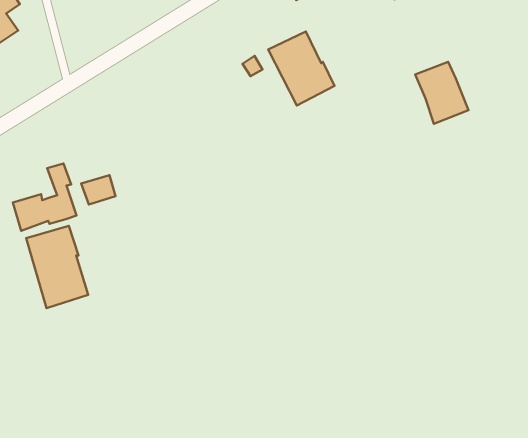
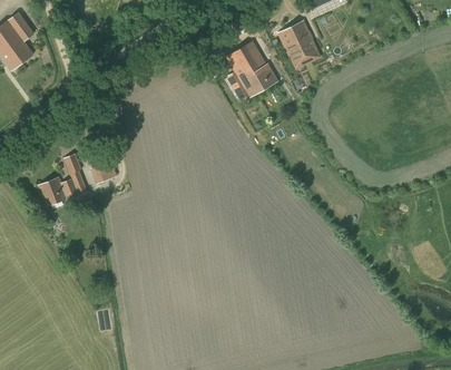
building: [415,62,468,124] -> [277,20,320,68]
building: [26,226,88,308] -> none

